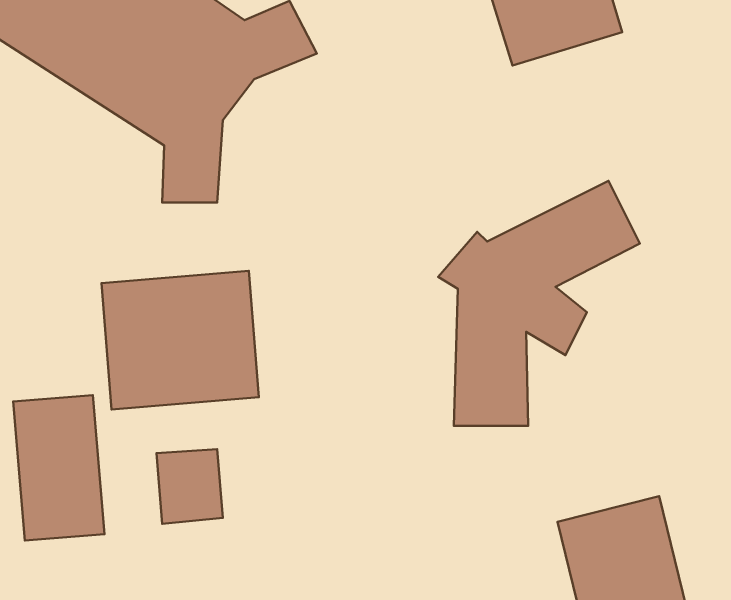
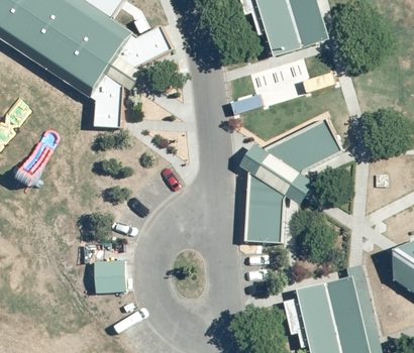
building: [102,271,259,410] -> none
building: [13,395,104,540] -> none

